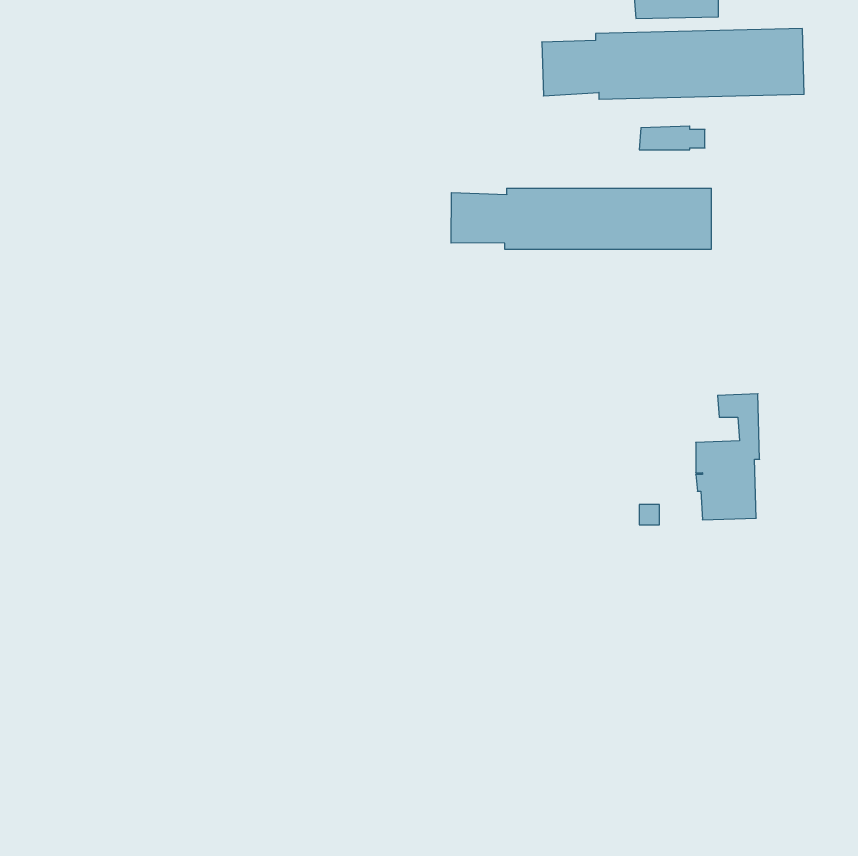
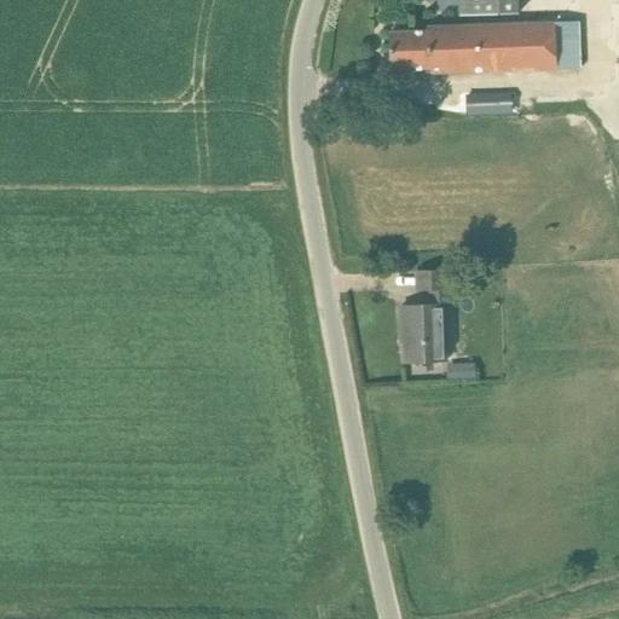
building: [451,188,711,249] -> none
building: [696,394,760,520] -> [400,270,446,360]

